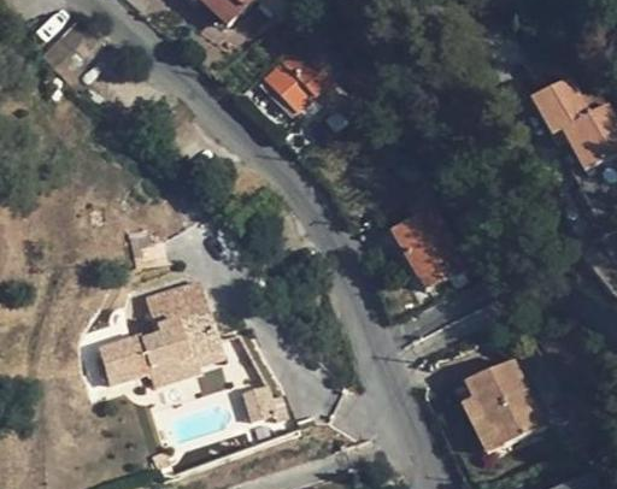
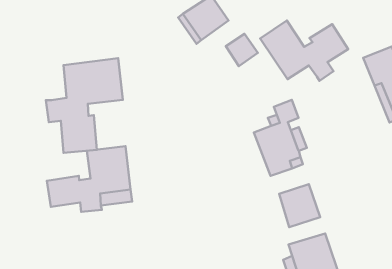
building: none -> [260,21,348,81]
building: none -> [46,58,123,153]
building: none -> [279,184,320,227]

